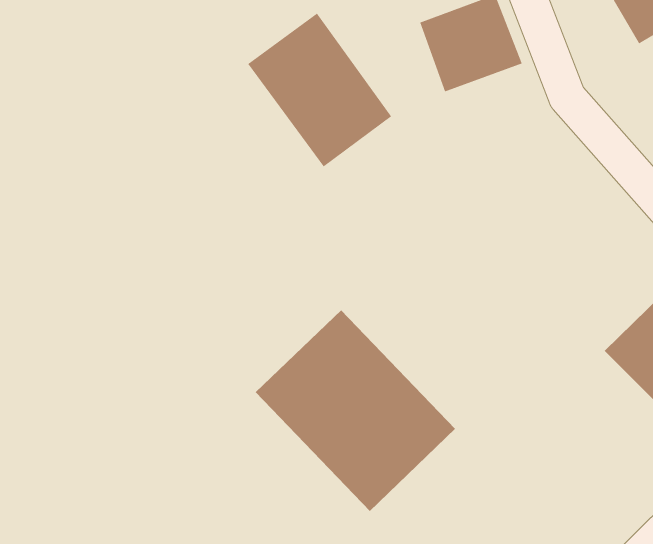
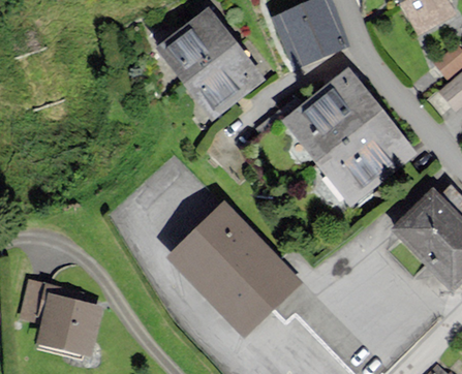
building: none -> [288,69,412,197]
building: none -> [25,283,99,350]

